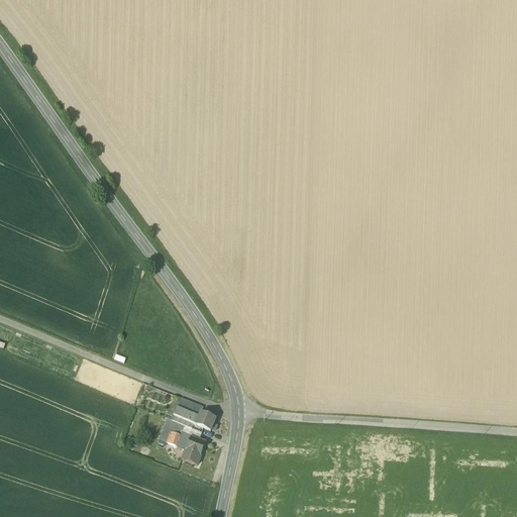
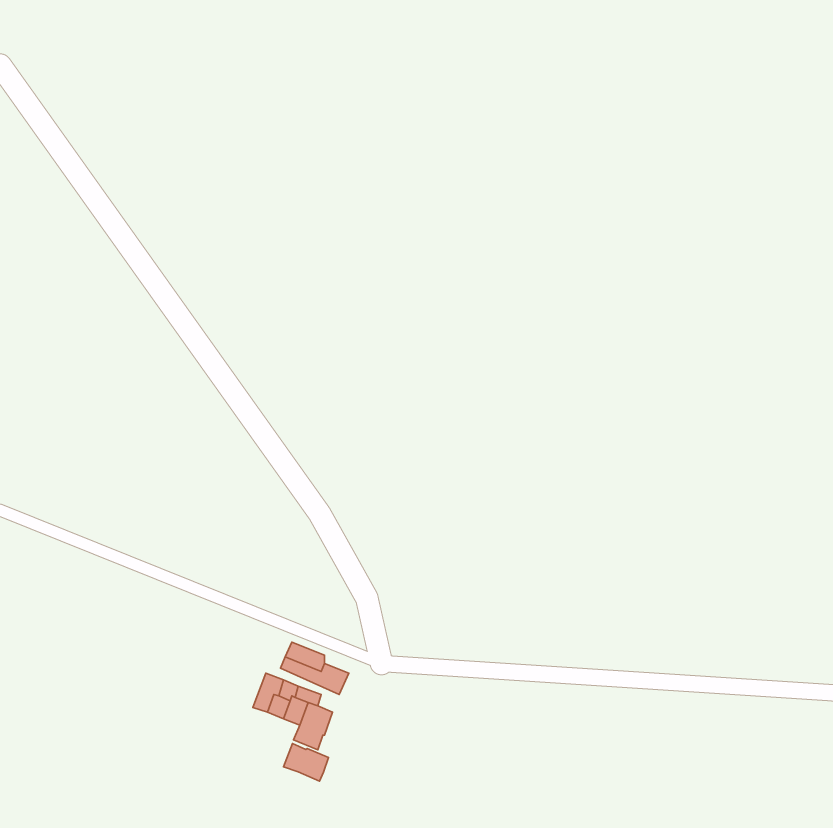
building: none -> [283,743,329,781]

